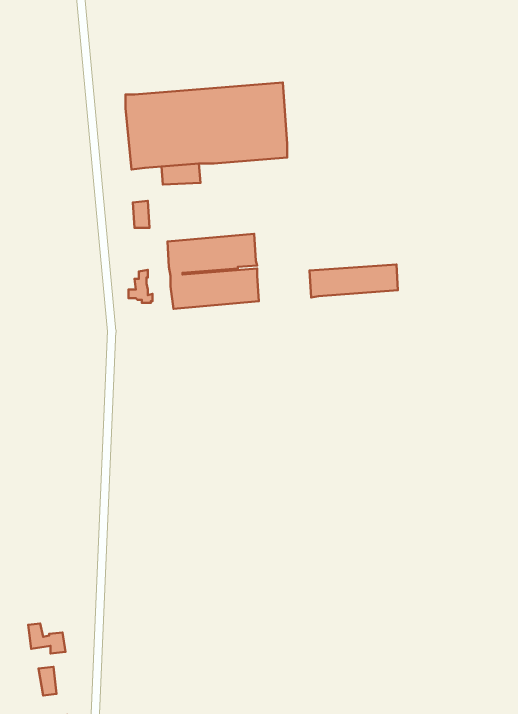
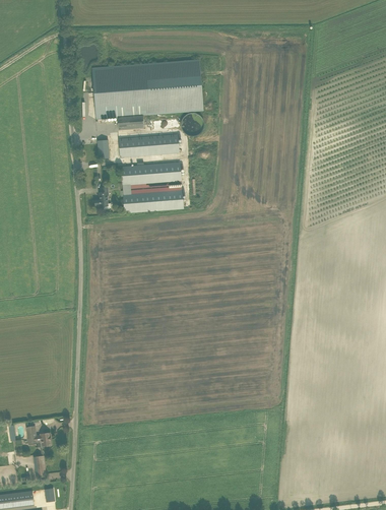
building: [310,265,398,298] -> [119,134,179,156]

